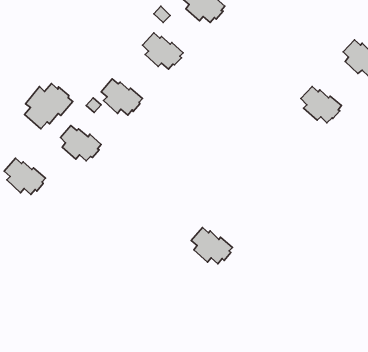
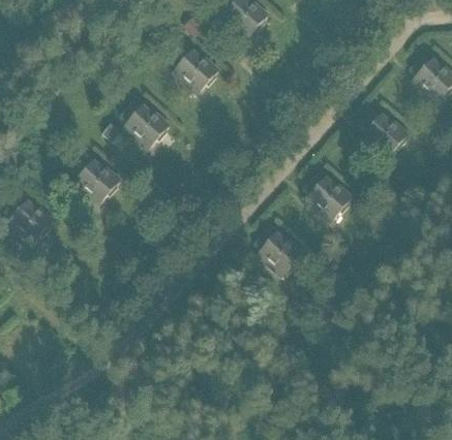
building: [24,83,73,129] -> none
building: none -> [305,175,354,218]
building: [191,227,233,264] -> [255,229,305,273]

